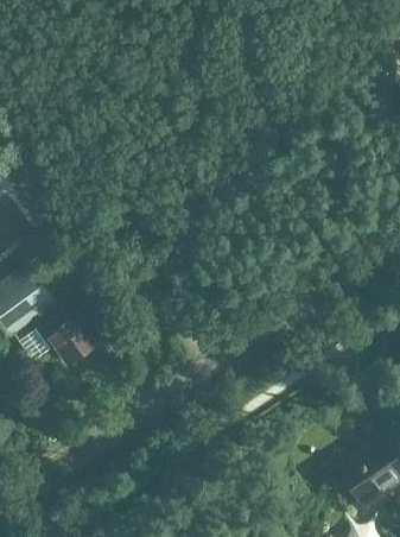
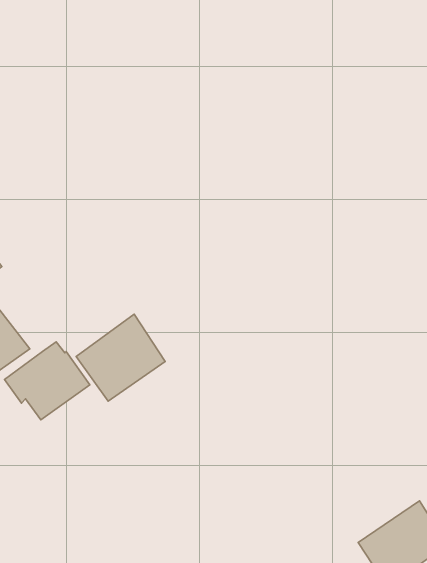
building: none -> [76,314,165,401]

